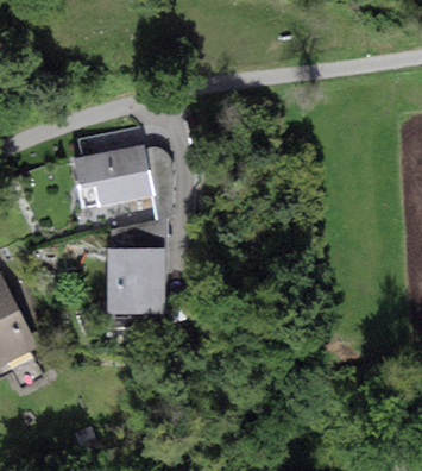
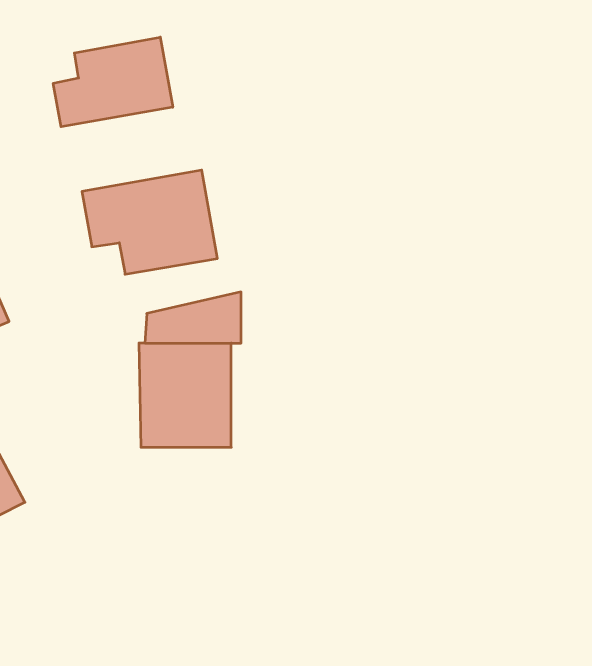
building: none -> [53,37,173,127]

